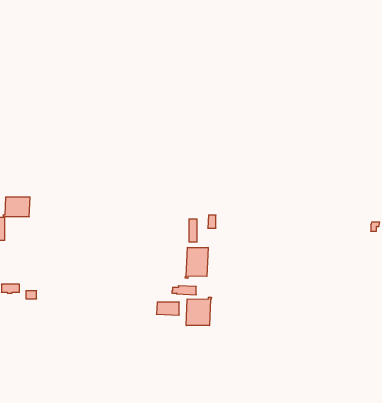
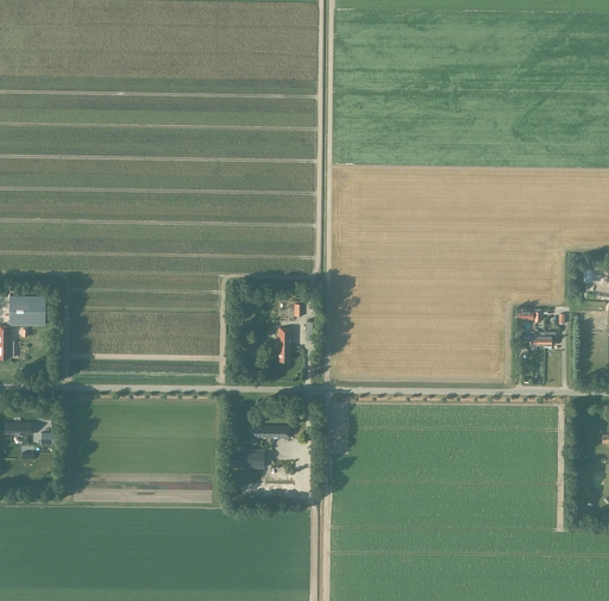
building: [185,247,208,278] -> none
building: [186,297,211,326] -> none

